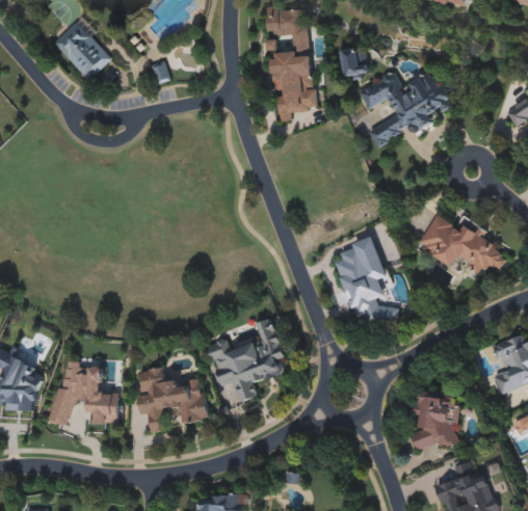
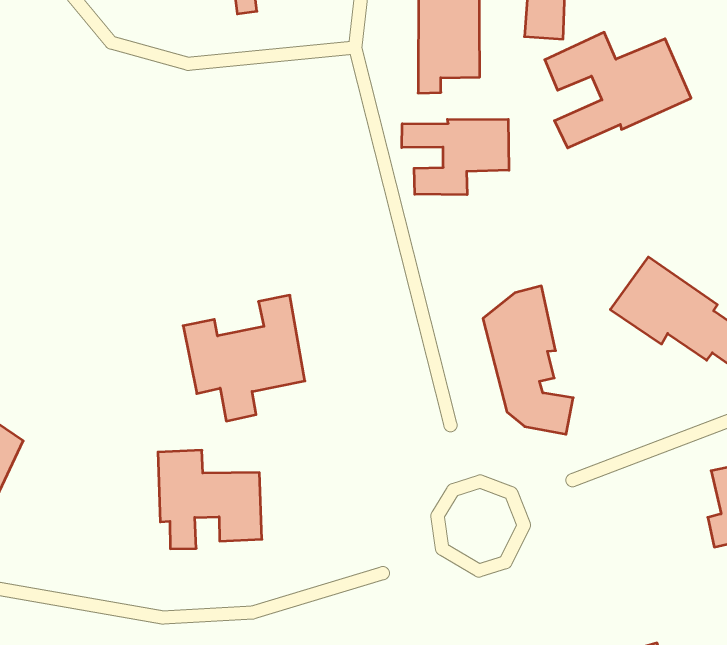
building: none -> [402,119,509,195]
building: [205,318,287,403] -> [183,295,305,421]
building: [56,364,118,424] -> none
building: [413,391,459,449] -> none

